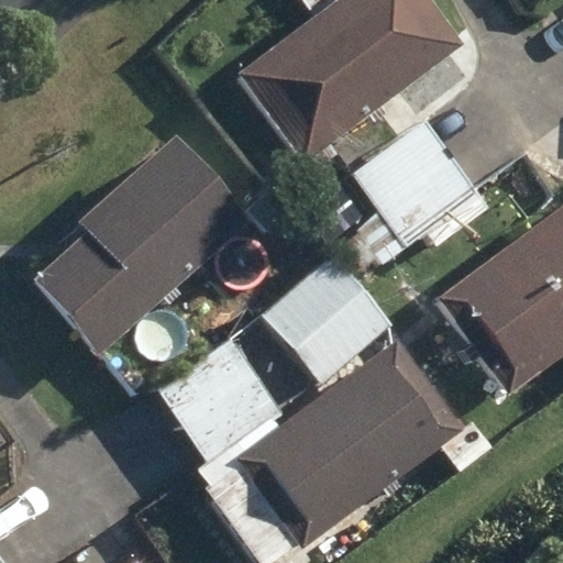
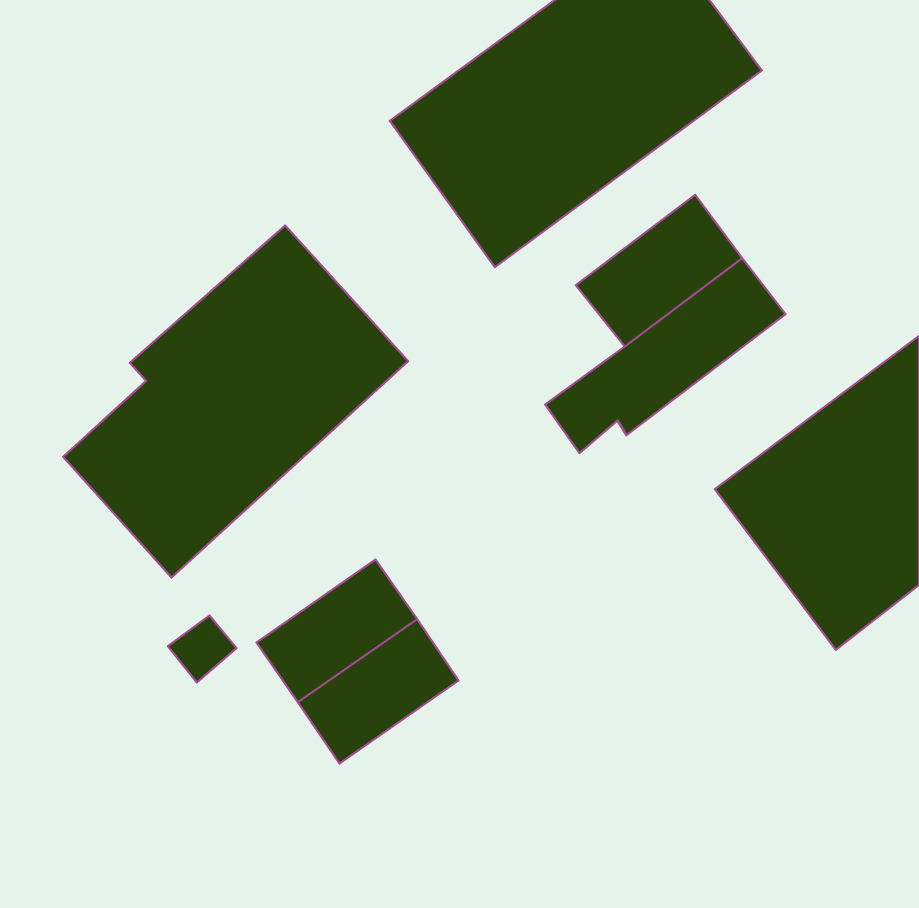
building: [264,256,391,383] -> none
building: [239,342,487,549] -> none

